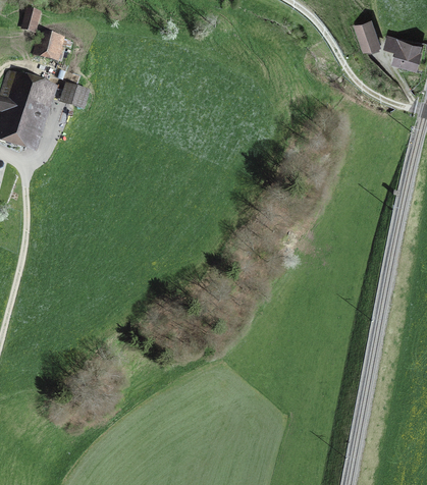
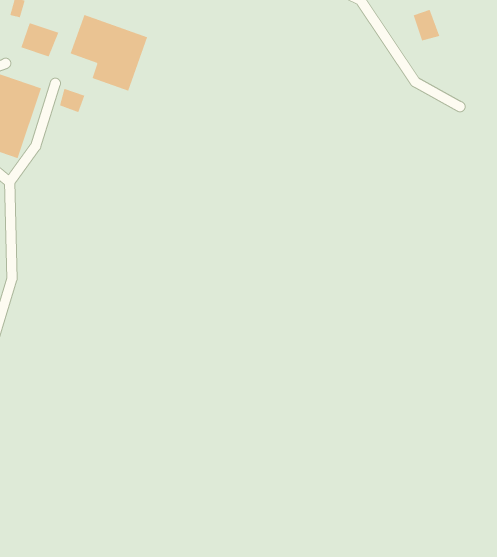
building: none -> [70,14,148,92]
building: [389,38,418,68] -> none

